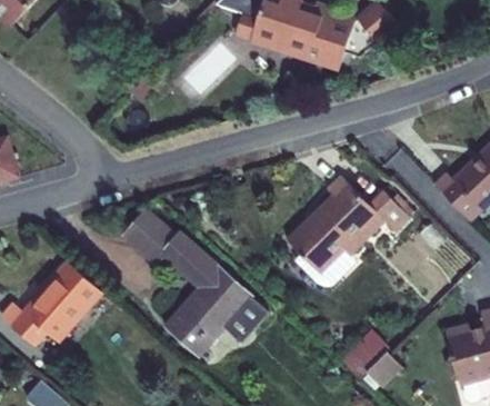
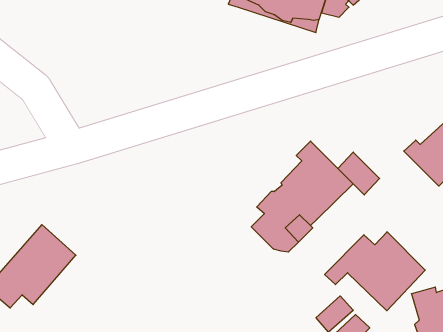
building: [123,211,269,353] -> none
building: none -> [325,232,425,311]

